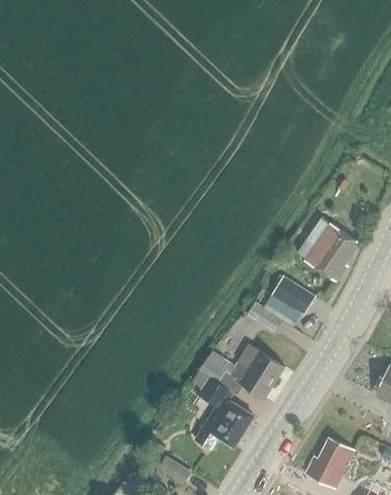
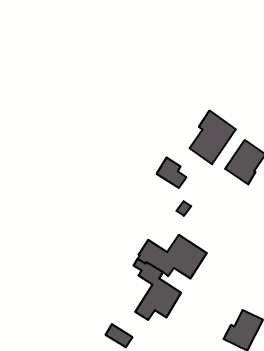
building: none -> [190,111,236,164]
building: [270,274,307,312] -> [157,157,186,188]

